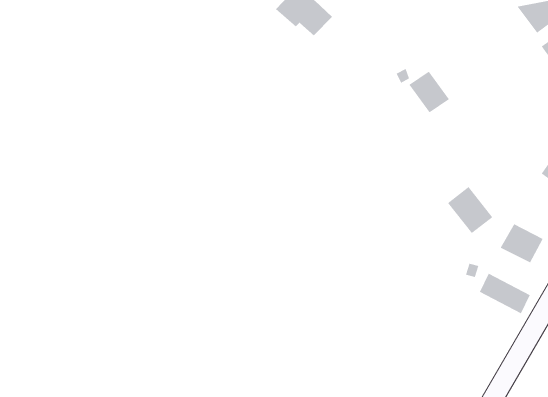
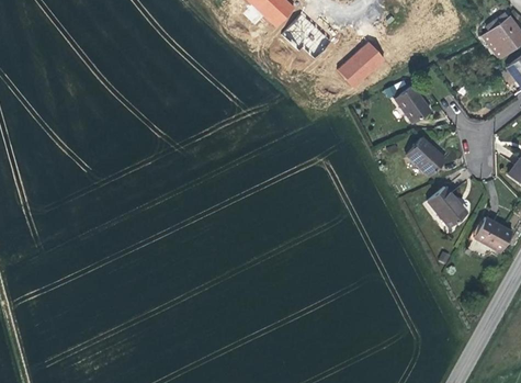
building: none -> [338,41,384,87]
building: none -> [406,138,444,177]
building: [479,273,531,314] -> none

